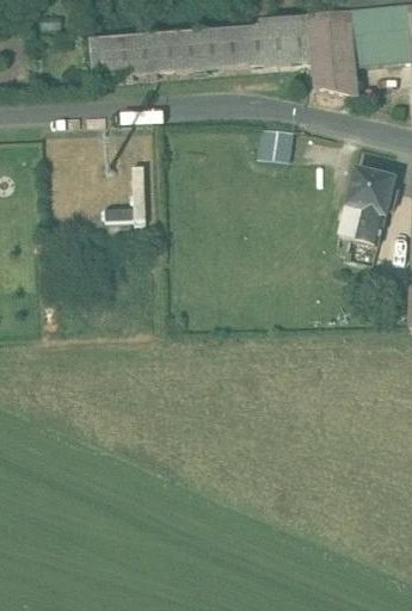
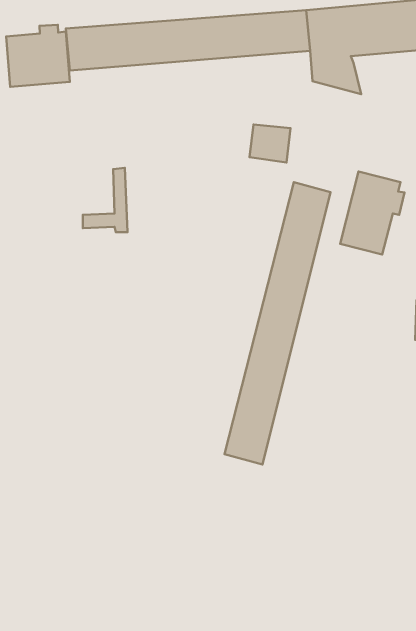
building: none -> [6,25,70,87]
building: none -> [224,182,331,465]

